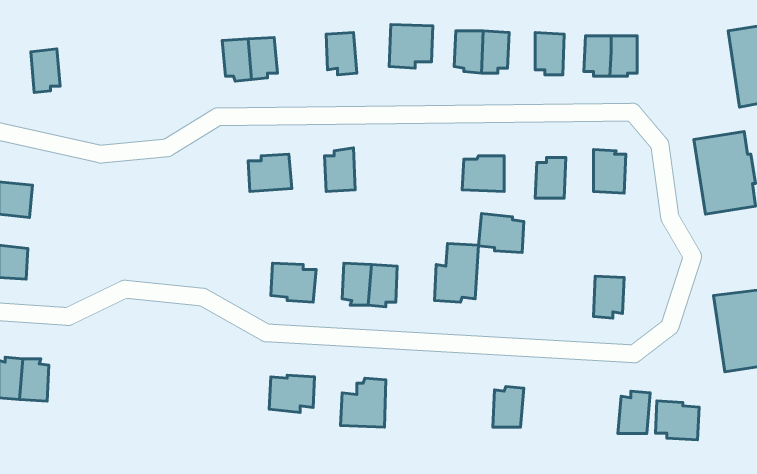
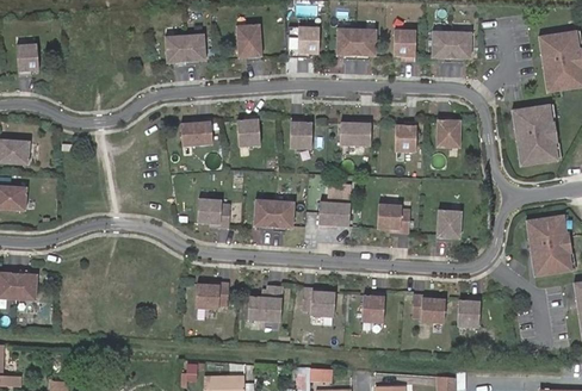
building: none -> [292,119,315,150]
building: [478,214,524,252] -> [378,204,411,232]
building: none -> [305,286,338,316]
building: [655,401,699,440] -> [414,293,446,322]

